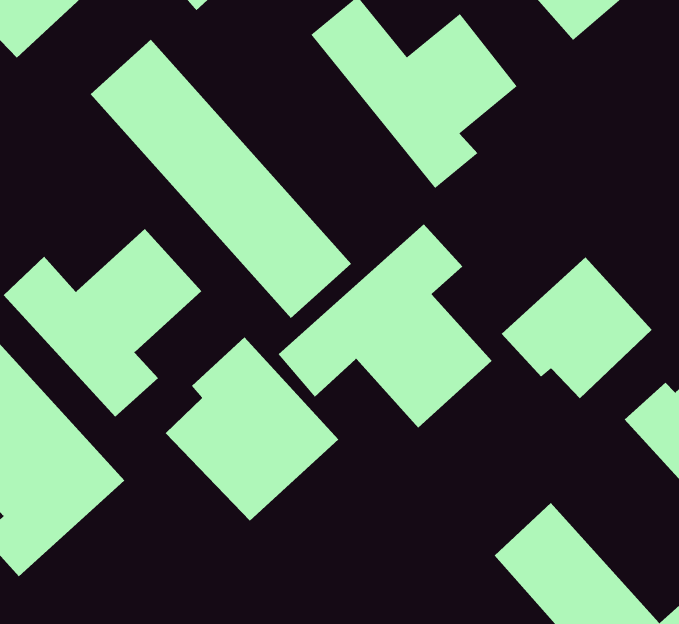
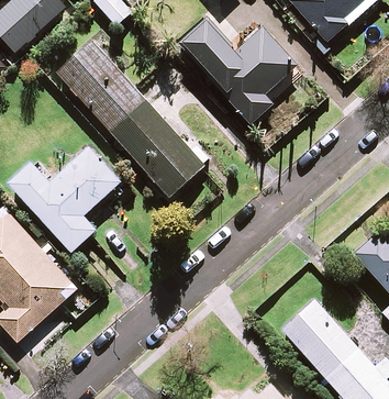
building: [278,224,493,428] -> none
building: [501,257,652,399] -> none
building: [165,336,339,522] -> none

